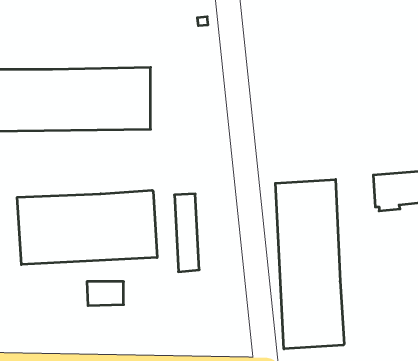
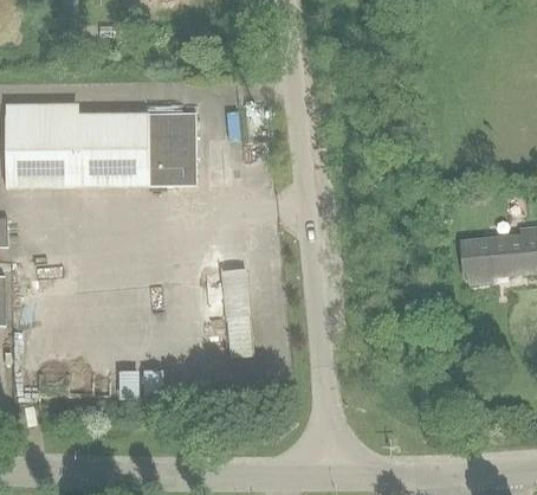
building: [275,179,344,349] -> none
building: [17,190,157,265] -> none

